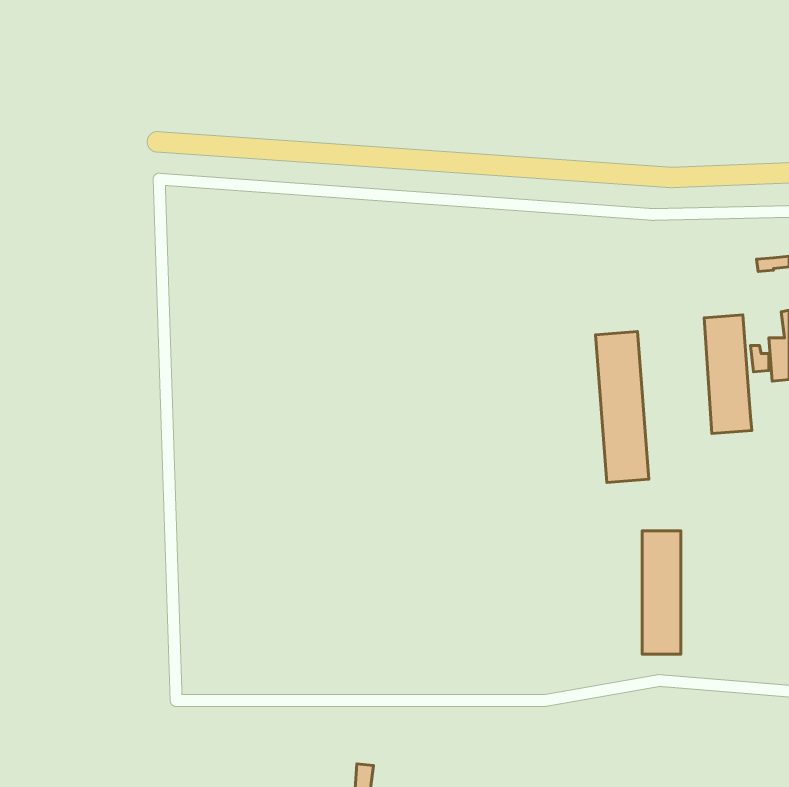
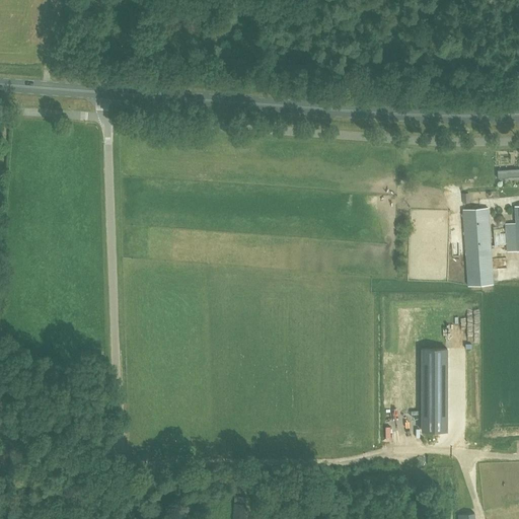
building: [595,332,649,482] -> none

